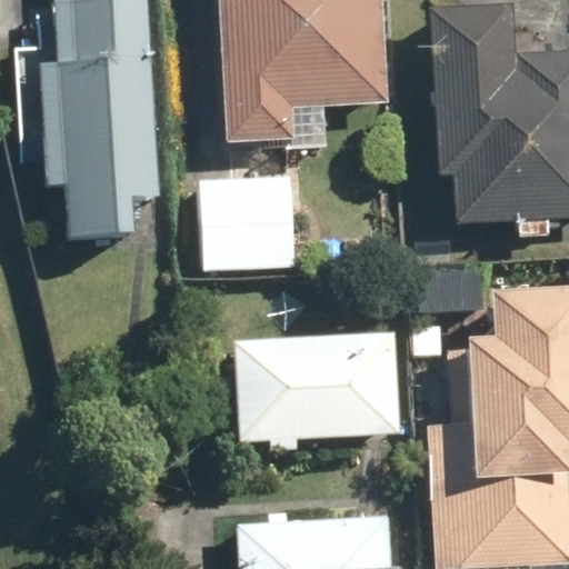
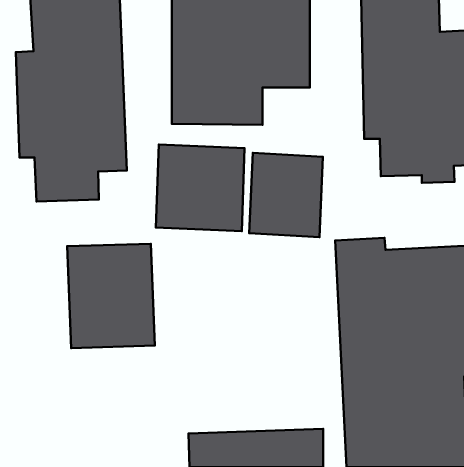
building: none -> [249,153,323,237]
building: none -> [67,244,155,348]
building: [231,336,400,453] -> none

